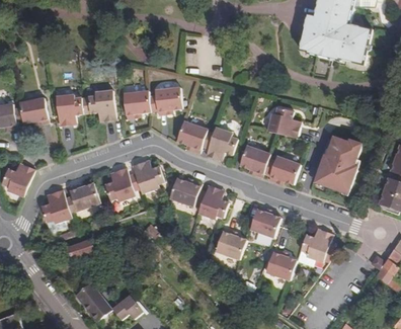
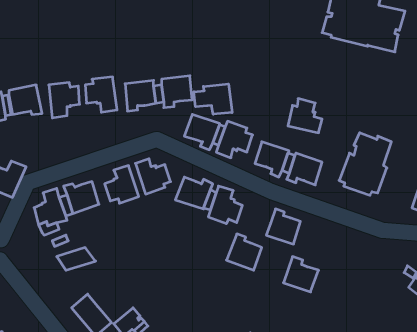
building: none -> [194,84,232,114]
building: [296,230,332,264] -> none

